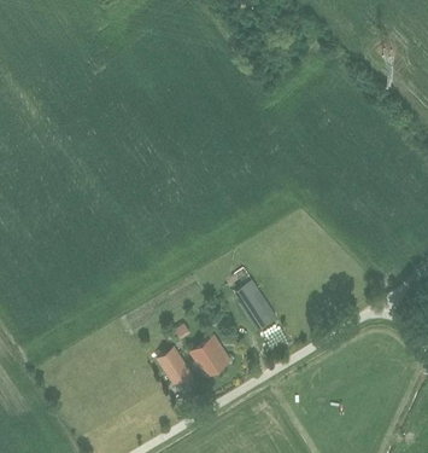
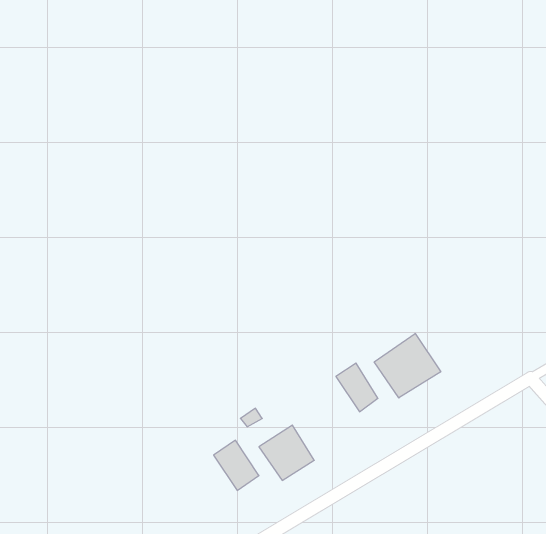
building: none -> [374,333,441,398]

